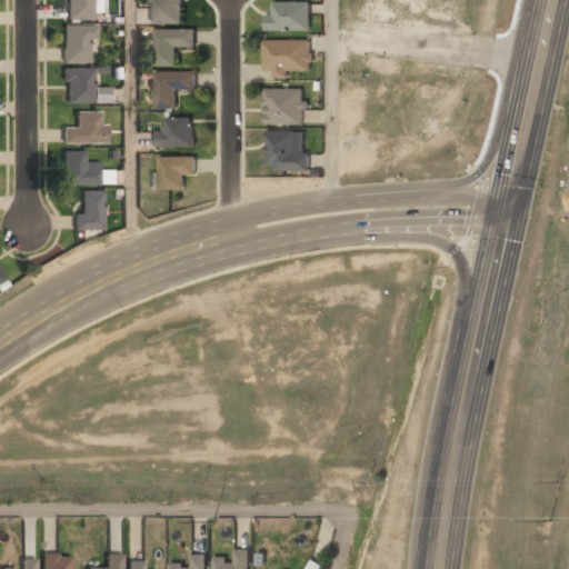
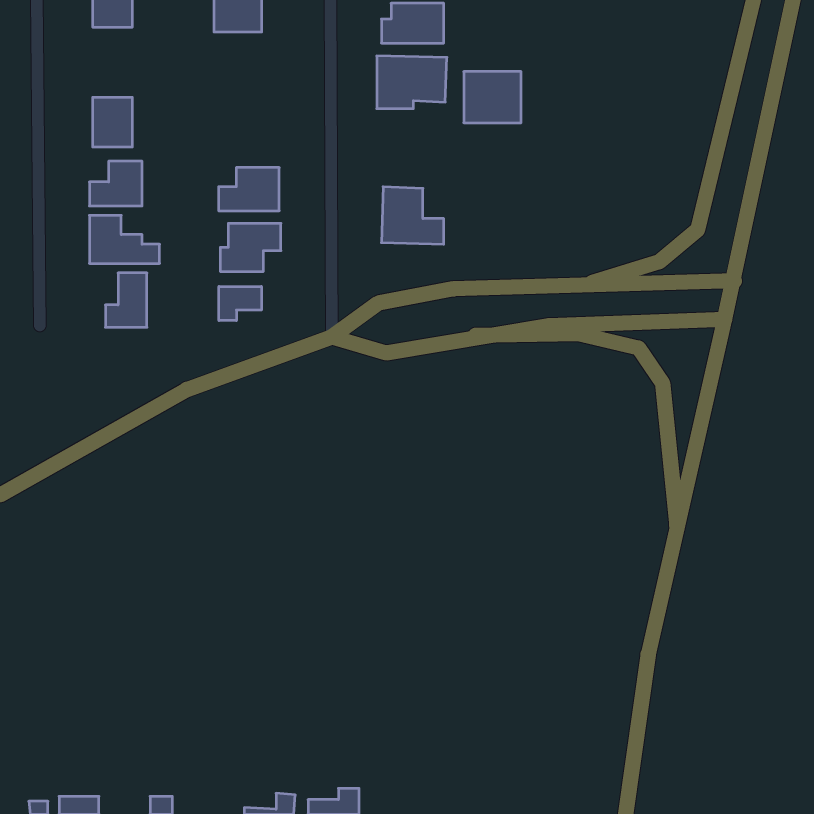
building: [63,26,96,62] -> none
building: [154,29,197,66] -> none
building: [154,71,197,108] -> none
building: [264,88,305,123] -> [464,72,521,123]
building: none -> [219,286,261,321]

